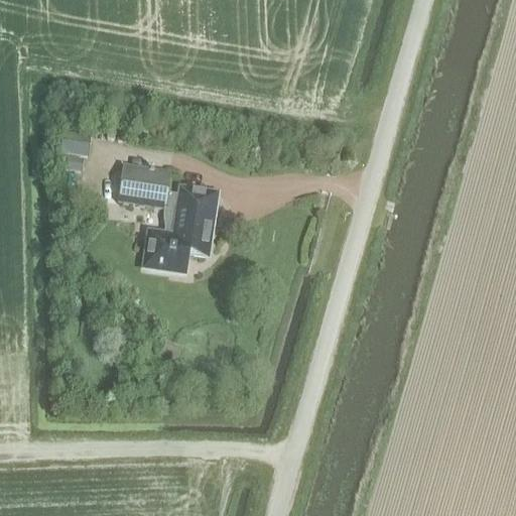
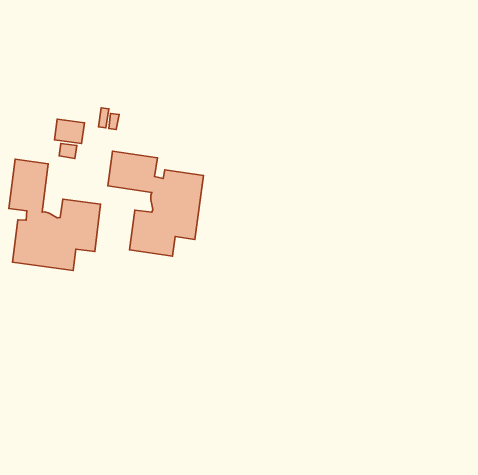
building: none -> [9,159,101,271]

